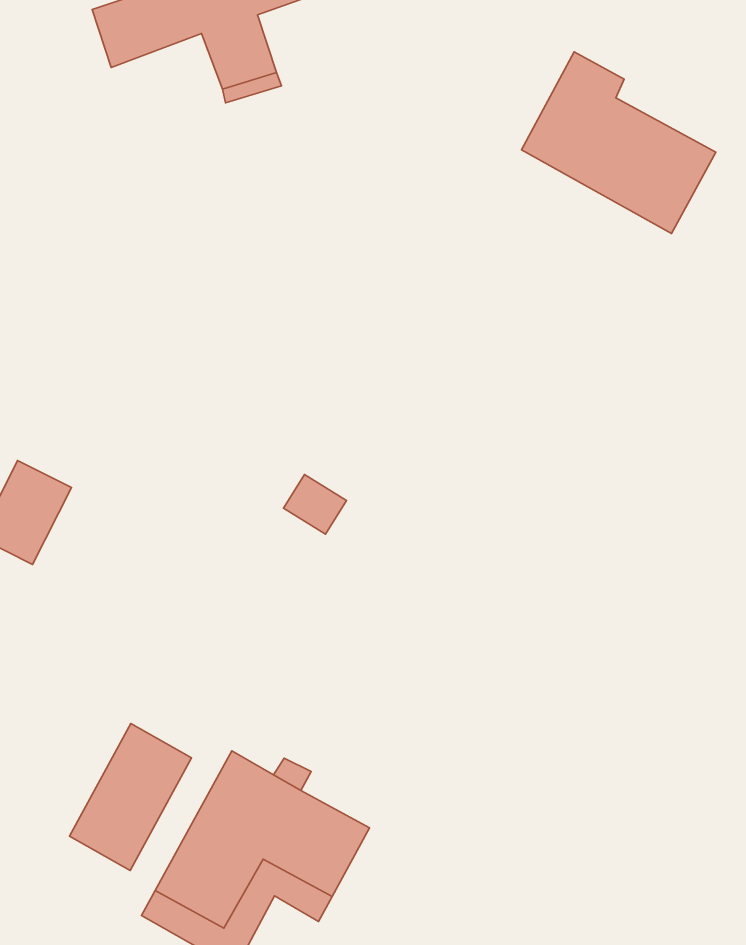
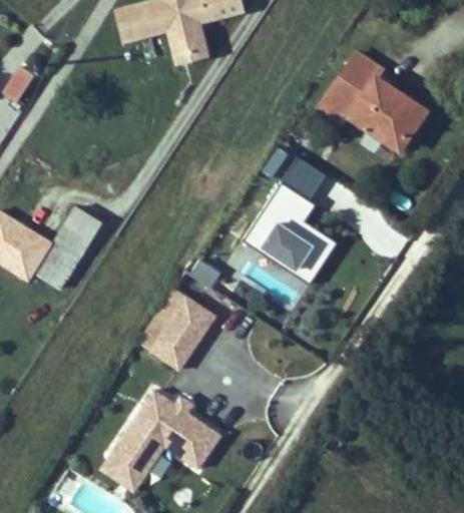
building: none -> [245,153,338,278]
building: none -> [57,206,101,250]
building: [70,724,191,871] -> [151,293,216,367]

